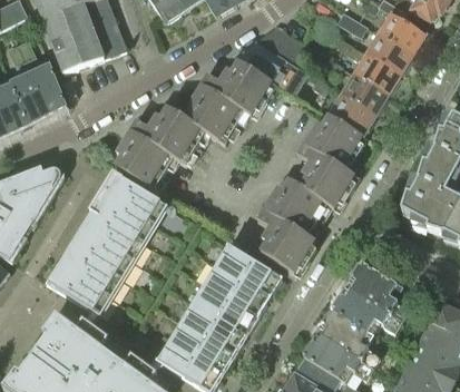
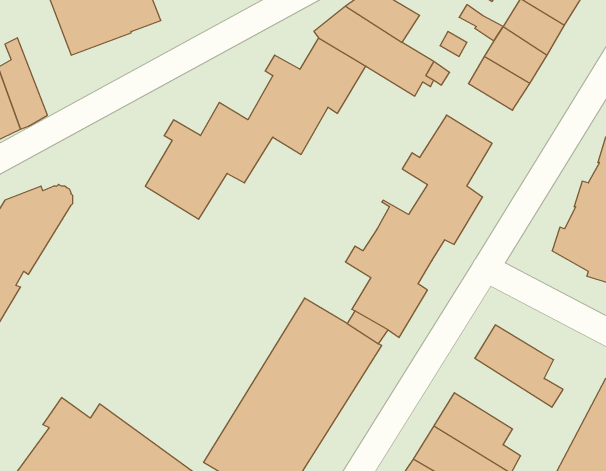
building: [25,56,66,116] -> none
building: [327,94,374,136] -> none
building: [46,173,165,315] -> none
building: [333,287,402,337] -> none

